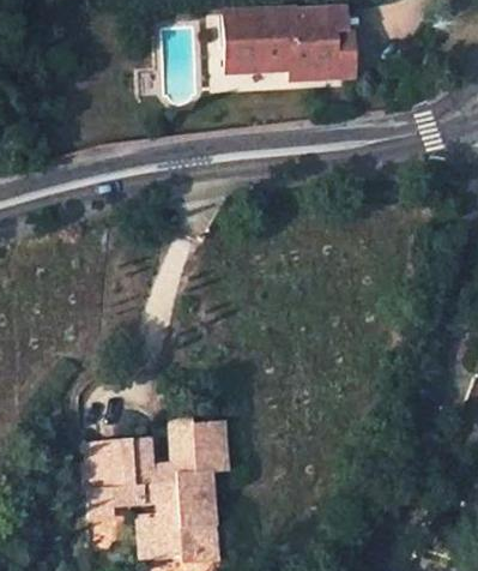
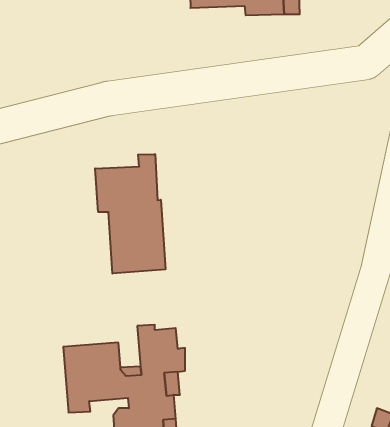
building: none -> [95,154,165,274]

